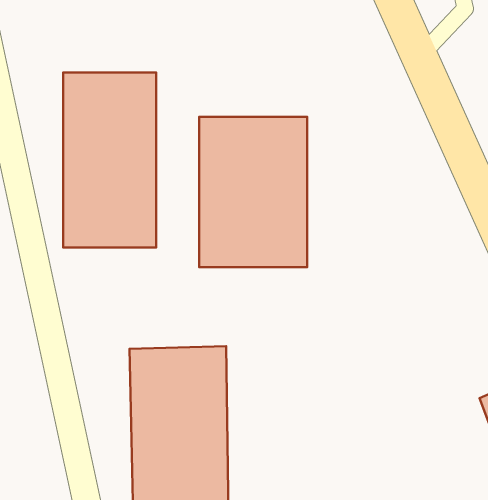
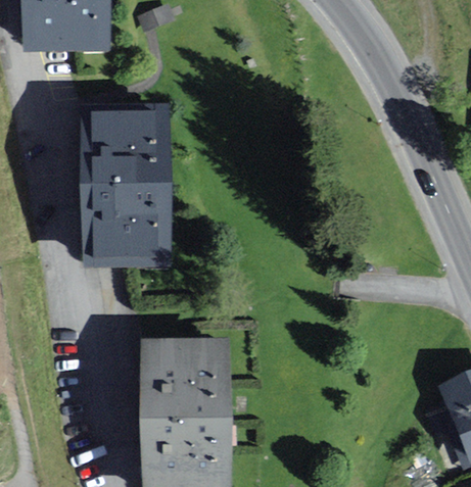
building: [199,117,307,267] -> none

